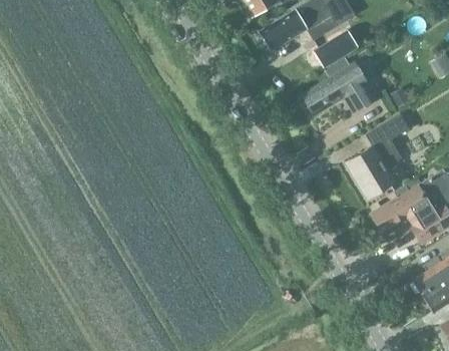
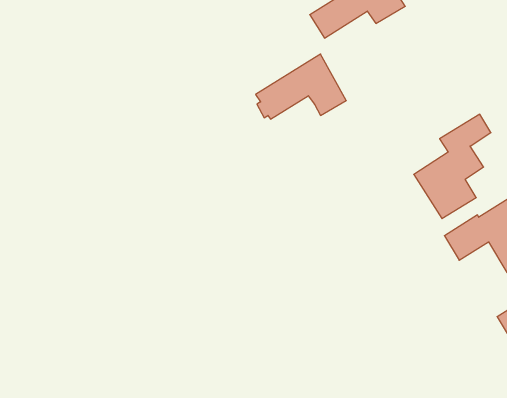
building: [315,29,359,68] -> none
building: [302,62,376,115] -> [256,54,346,119]

